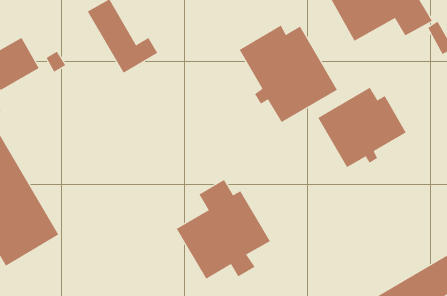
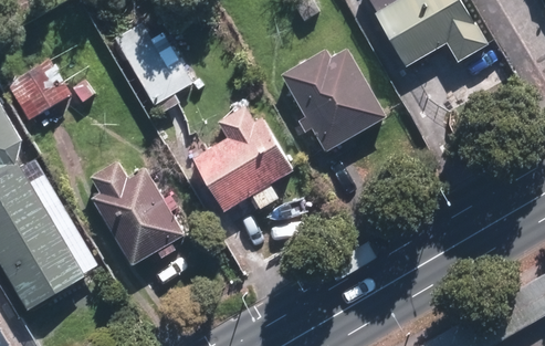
building: [318,87,407,168] -> none
building: none -> [92,158,187,263]
building: [176,179,271,279] -> [195,103,296,210]

